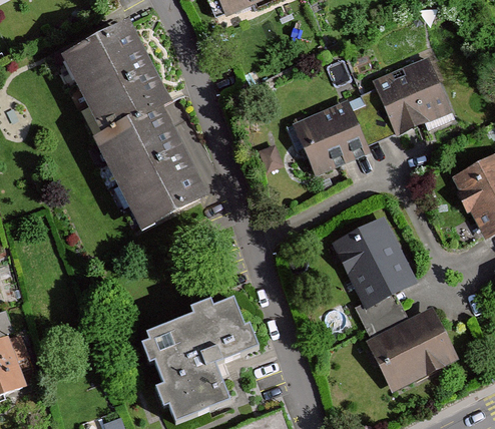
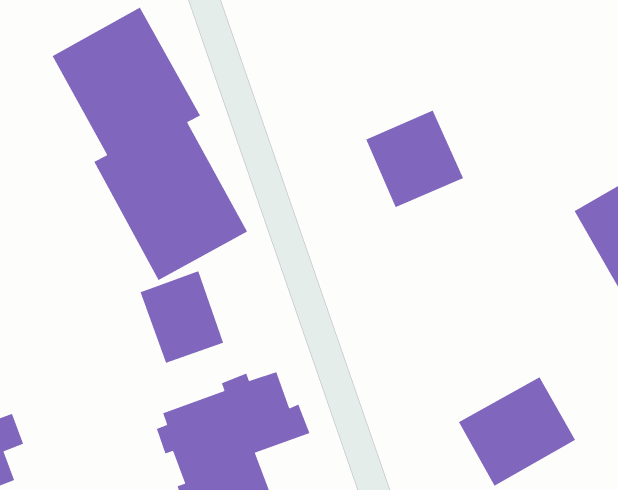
building: [374,55,455,135] -> none
building: [336,218,415,303] -> none
building: none -> [139,270,224,364]

